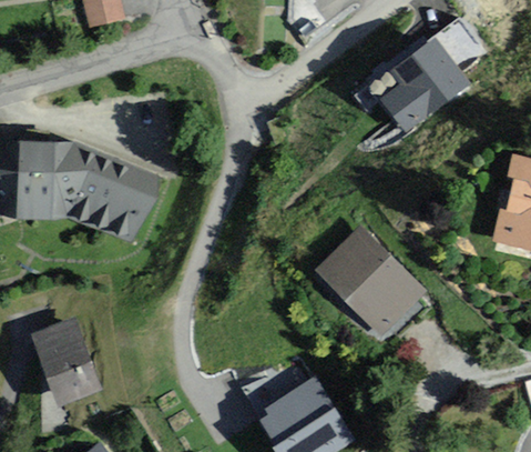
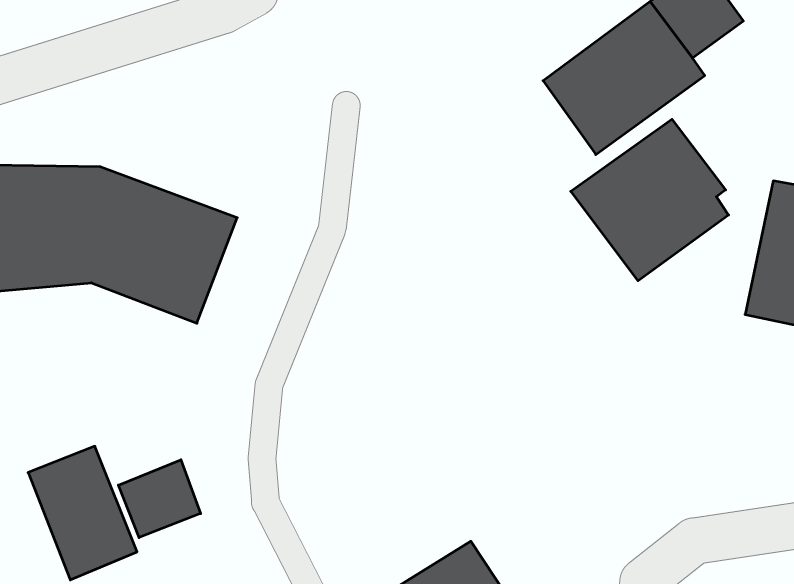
building: none -> [571,119,729,281]
building: [312,228,422,338] -> none
building: none -> [118,460,201,538]

